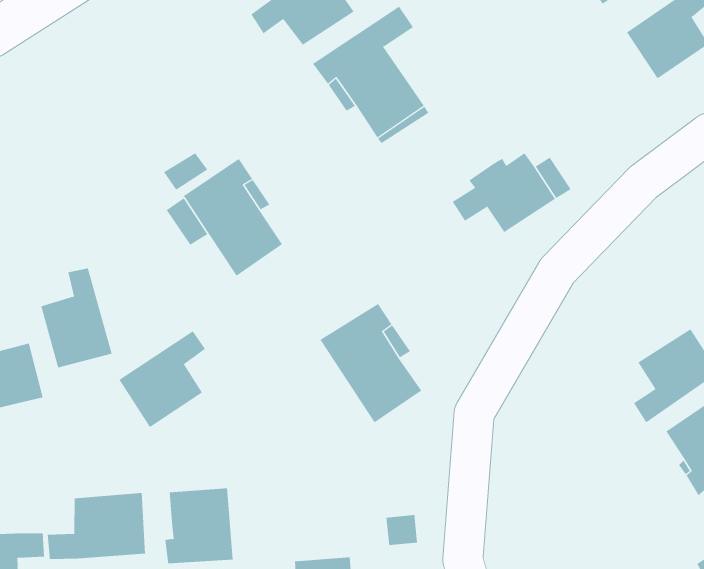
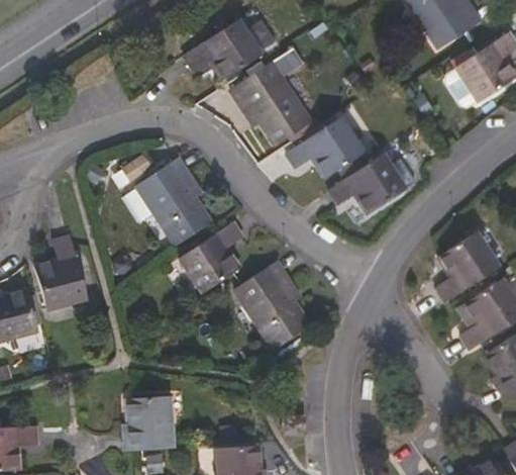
building: none -> [287,118,367,177]
building: none -> [437,232,499,301]
building: [119,330,206,428] -> [180,222,242,292]
building: [47,492,145,560] -> none

